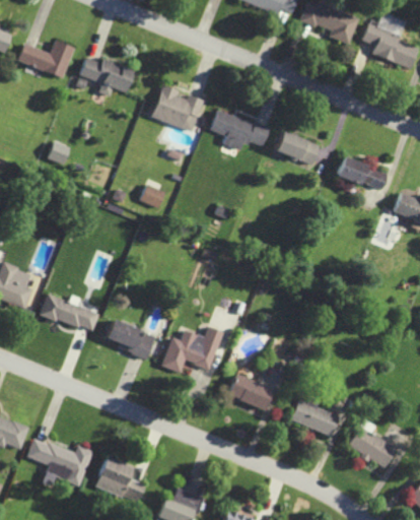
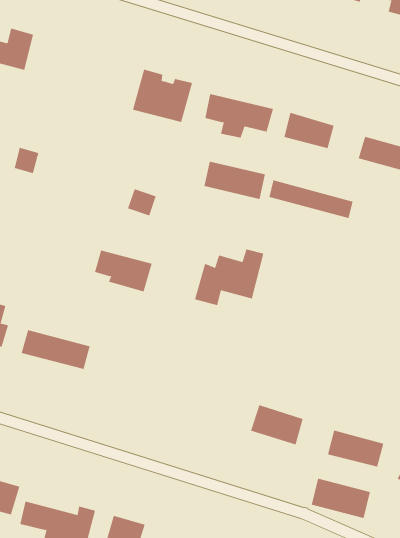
building: [79,57,133,96] -> none
building: none -> [204,161,266,200]
building: none -> [269,180,353,219]
building: [107,320,156,359] -> [94,250,153,292]
building: [161,327,223,373] -> [194,249,264,306]
building: none -> [311,478,371,519]

